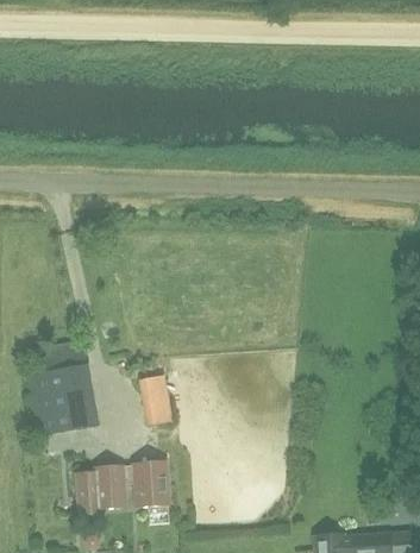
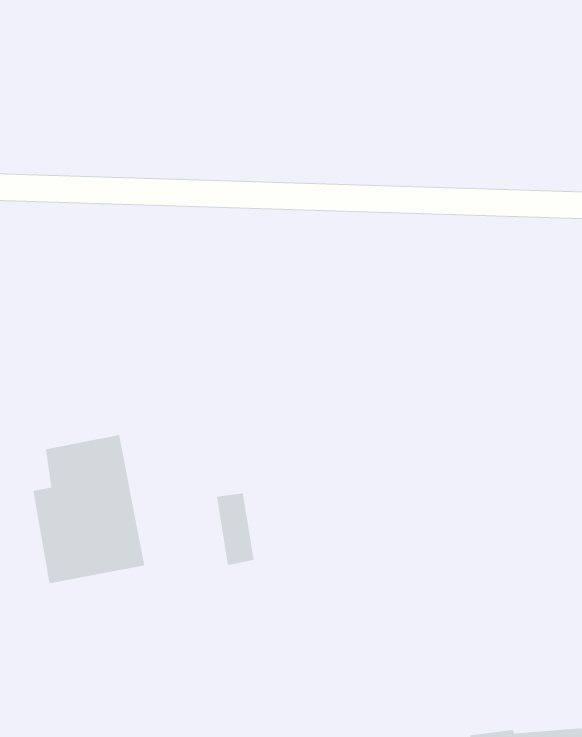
building: [75,463,169,517] -> none

